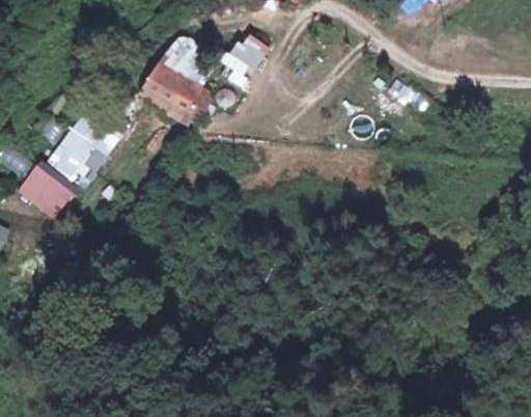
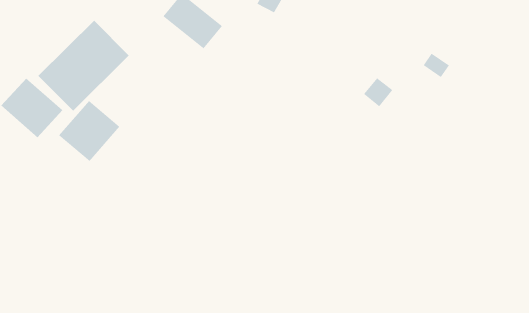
building: none -> [58,100,120,162]

